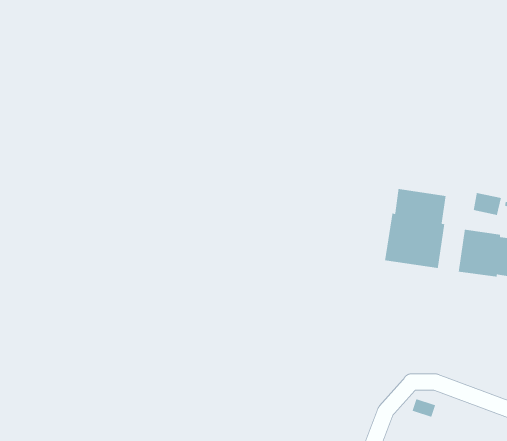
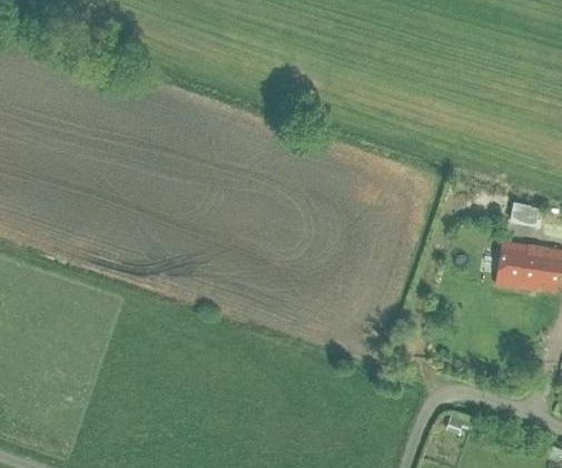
building: [384,188,447,269] -> none

